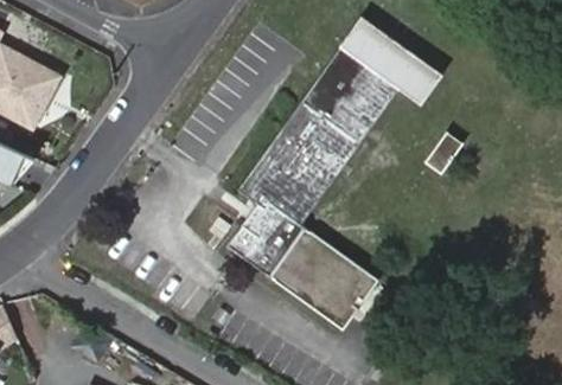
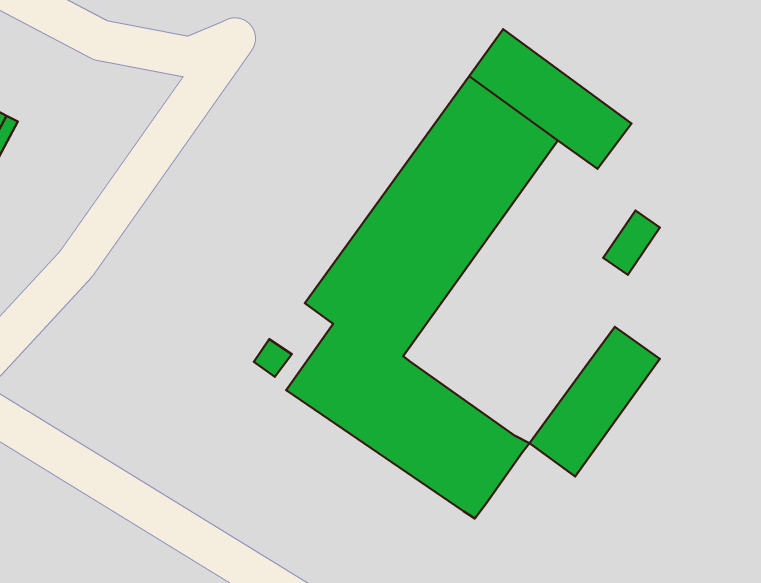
building: none -> [530,327,660,477]

